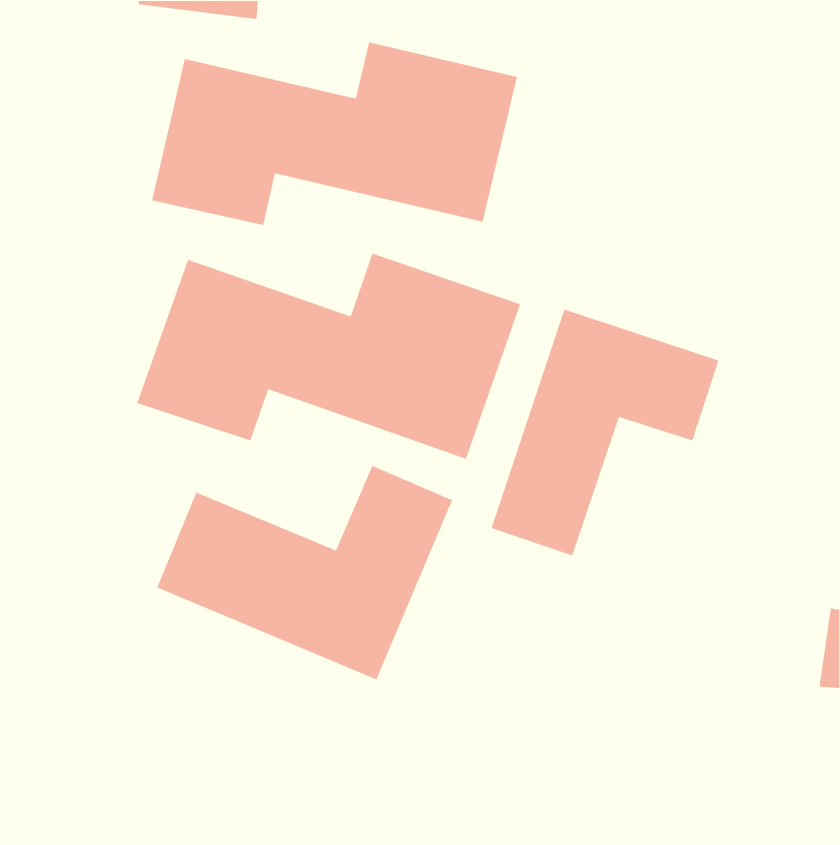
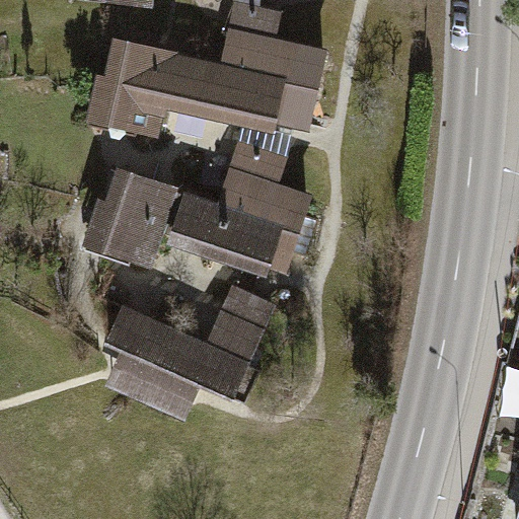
building: [490,308,719,556] -> none

